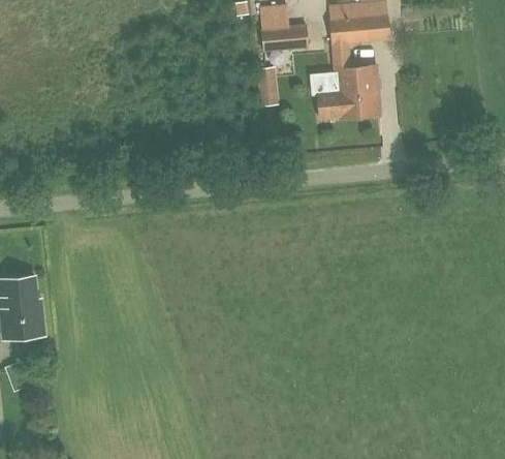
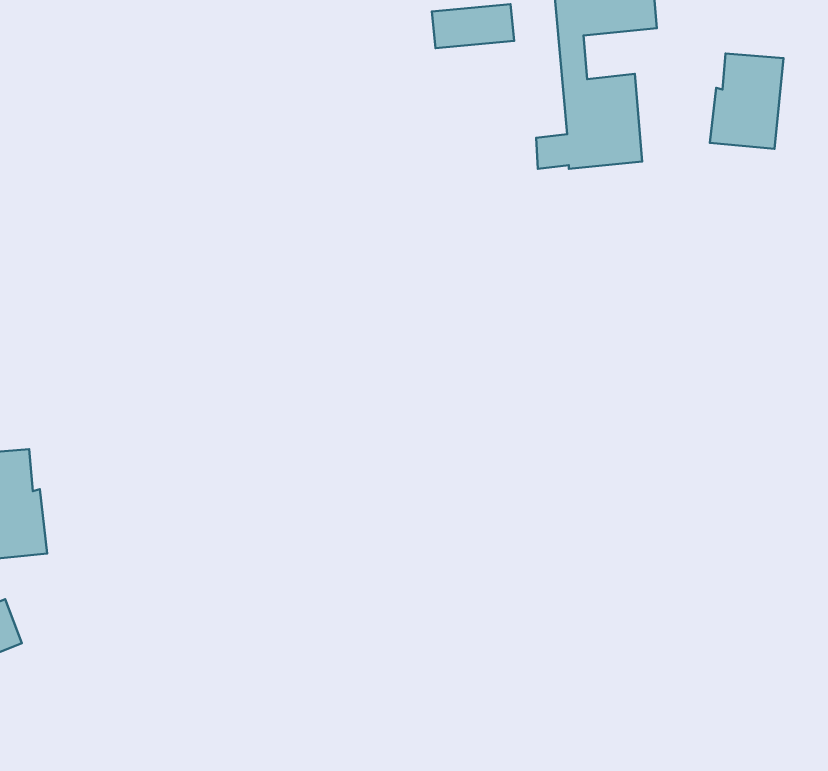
building: none -> [710,53,784,149]
building: [255,67,278,106] -> none

